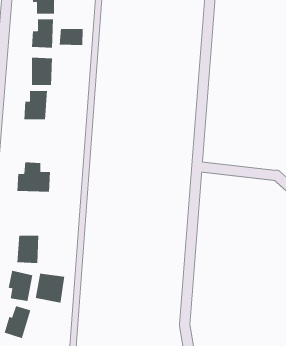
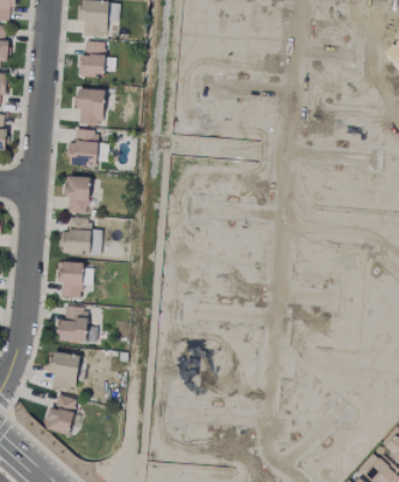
building: [59,28,83,46] -> none
building: none -> [64,177,90,214]
building: none -> [59,262,83,298]
building: [35,273,65,303] -> none

